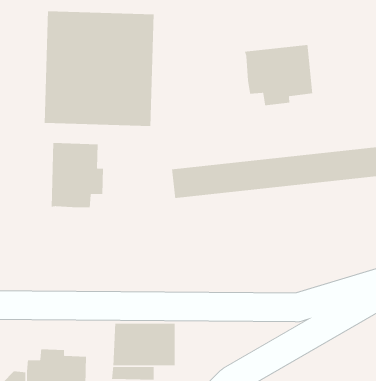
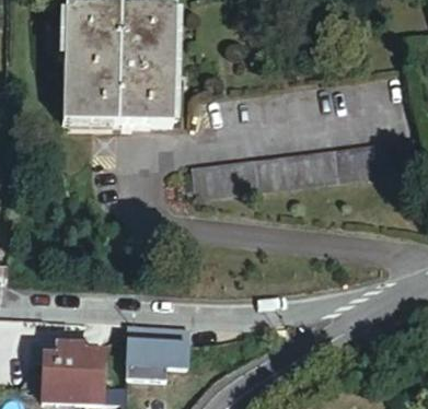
building: [244,44,313,106] -> none
building: [51,142,104,208] -> none

